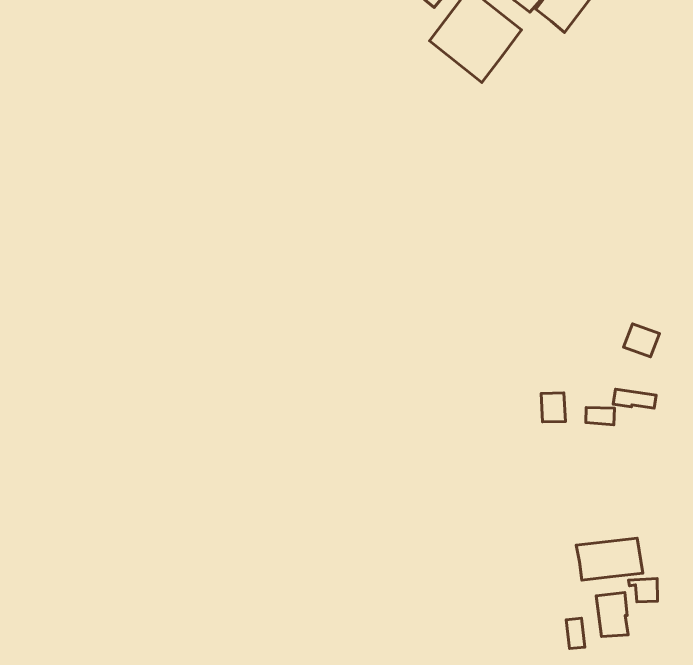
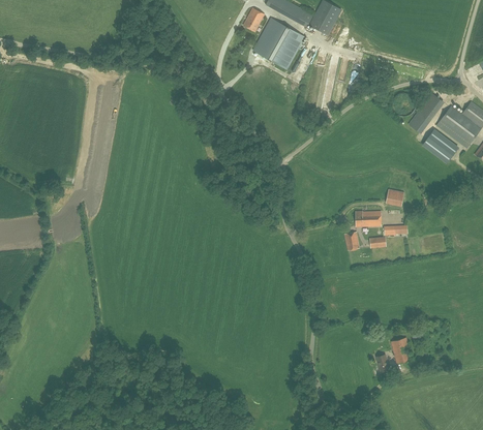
building: none -> [355,210,381,225]
building: [576,538,643,580] -> none

